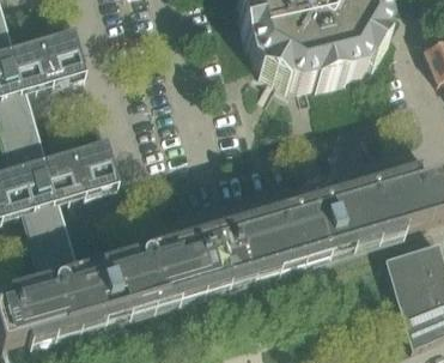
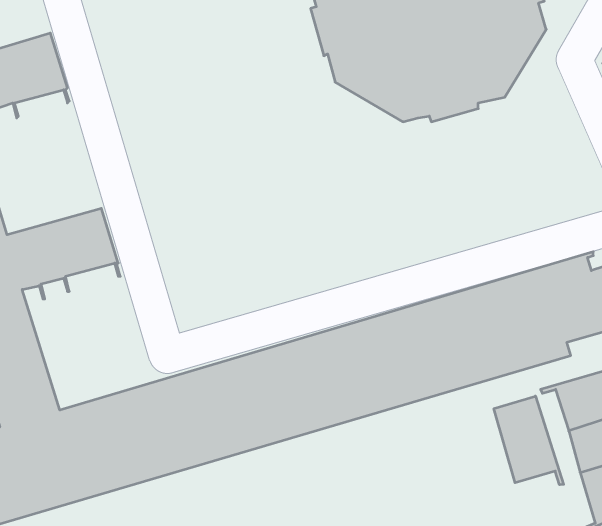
building: none -> [494,396,564,485]

